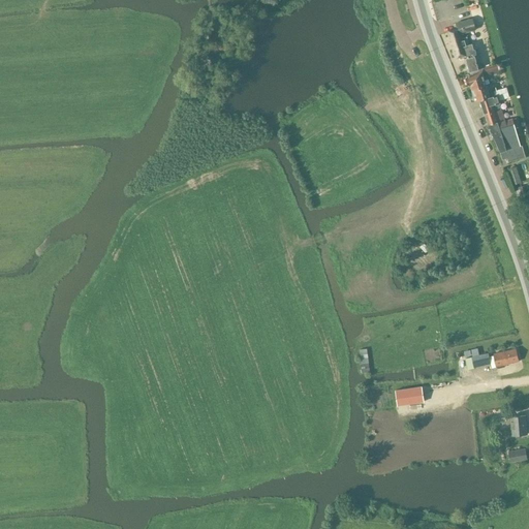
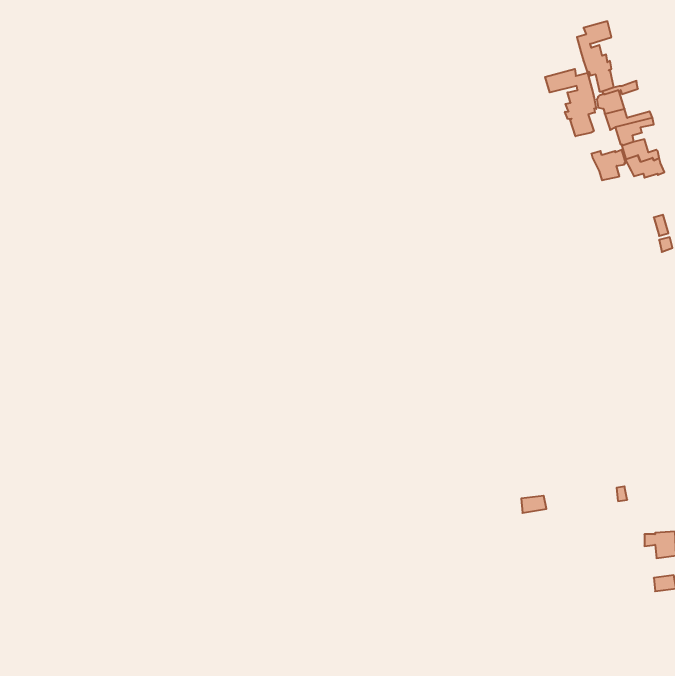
building: none -> [545,69,596,136]
building: [496,134,523,158] -> [591,150,626,180]
building: [474,348,521,368] -> none

